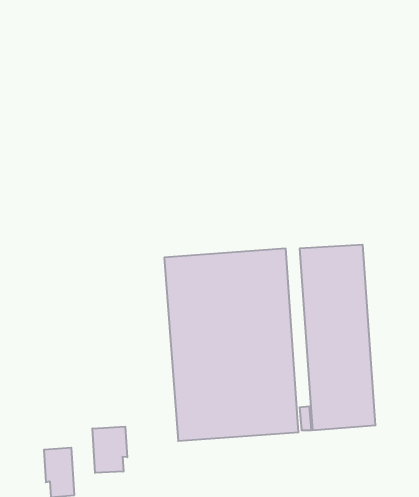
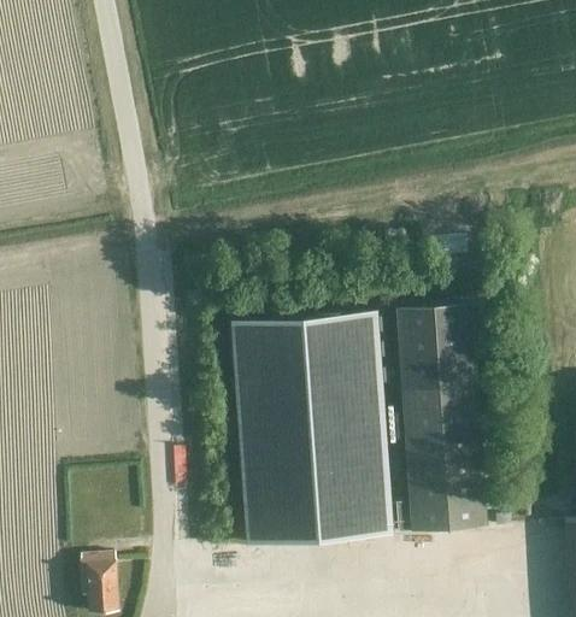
building: [92,427,127,473] -> none

